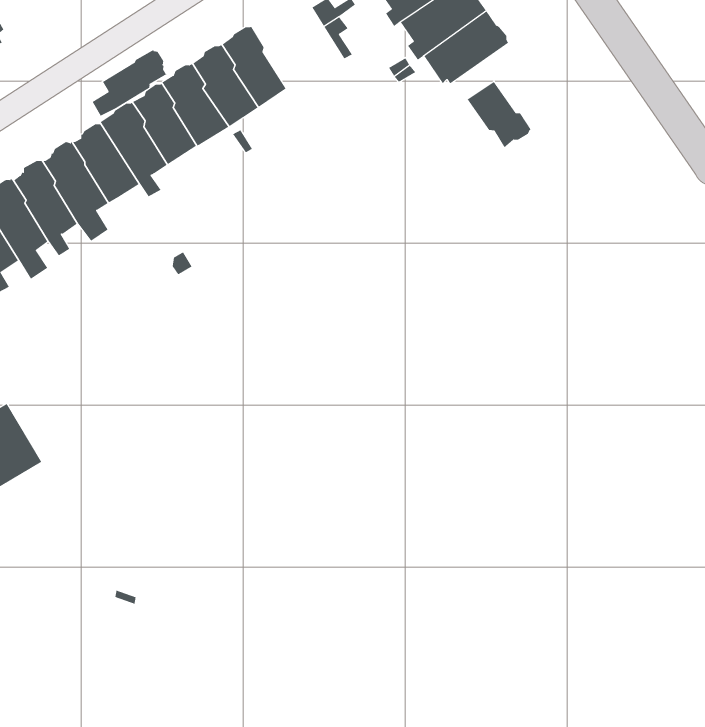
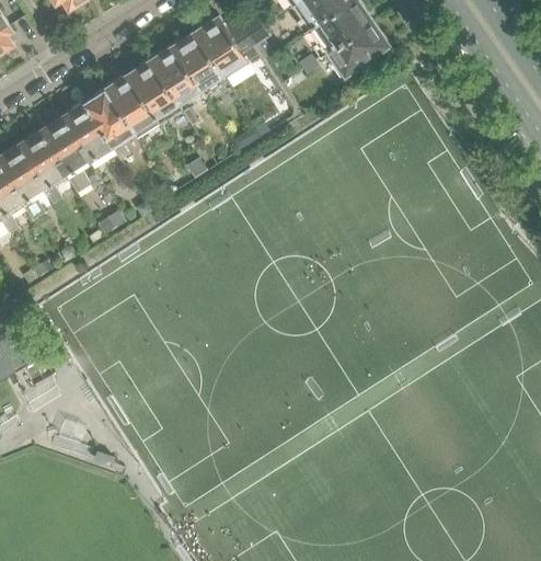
building: none -> [195,16,256,78]
building: [92,49,168,117] -> none
building: [467,81,532,148] -> none

